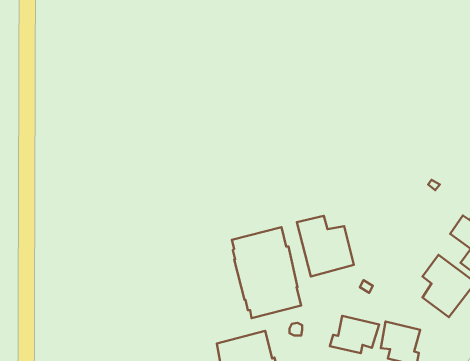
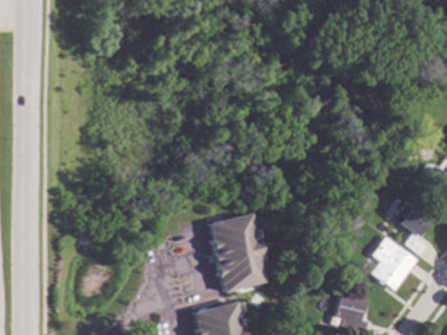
building: [297,216,354,276] -> none
building: [330,316,379,353] -> none

